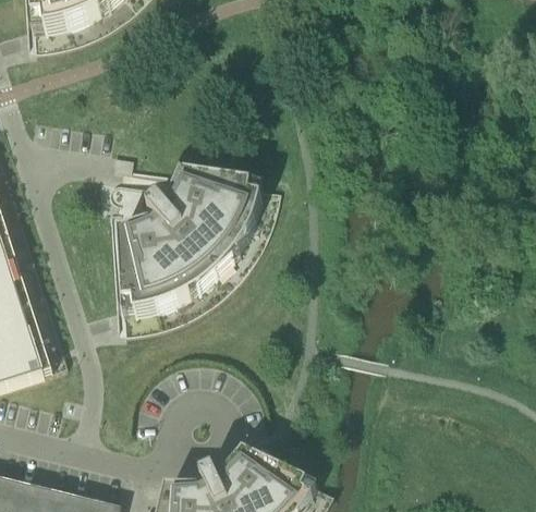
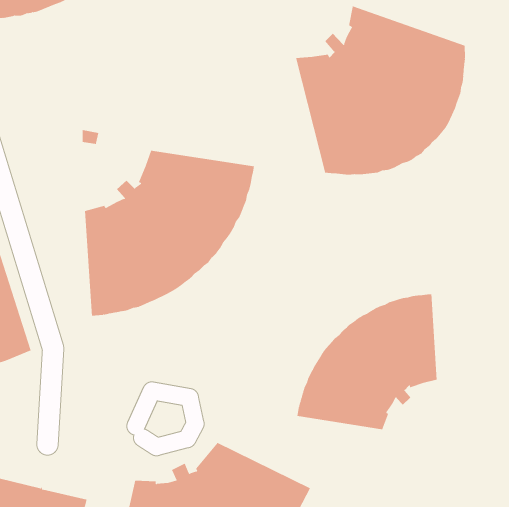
building: none -> [296,6,465,175]
building: none -> [297,293,437,430]

